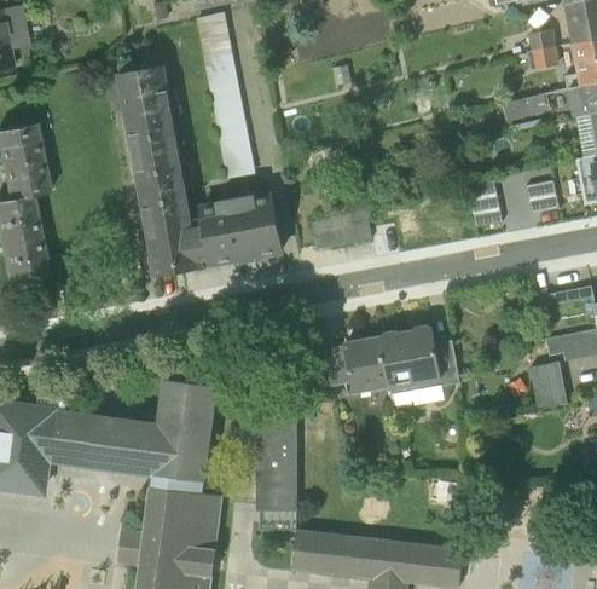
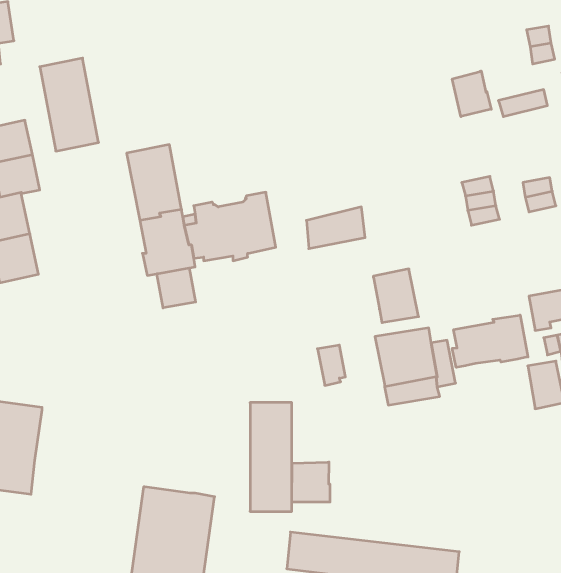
building: [195,12,251,171] -> none
building: [120,64,178,156] -> [40,58,99,151]
building: none -> [452,71,491,117]
building: none -> [157,268,196,308]
building: none -> [452,315,528,367]
building: [346,337,390,391] -> [373,269,419,323]
building: [45,379,218,492] -> none
building: none -> [292,462,330,502]

